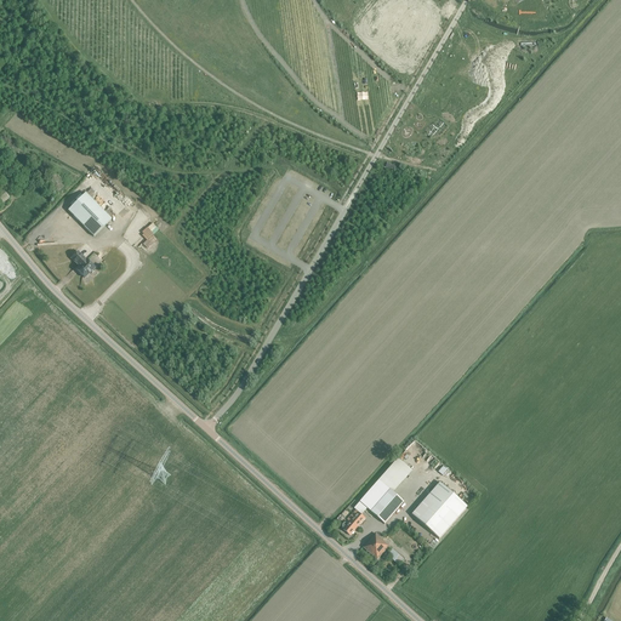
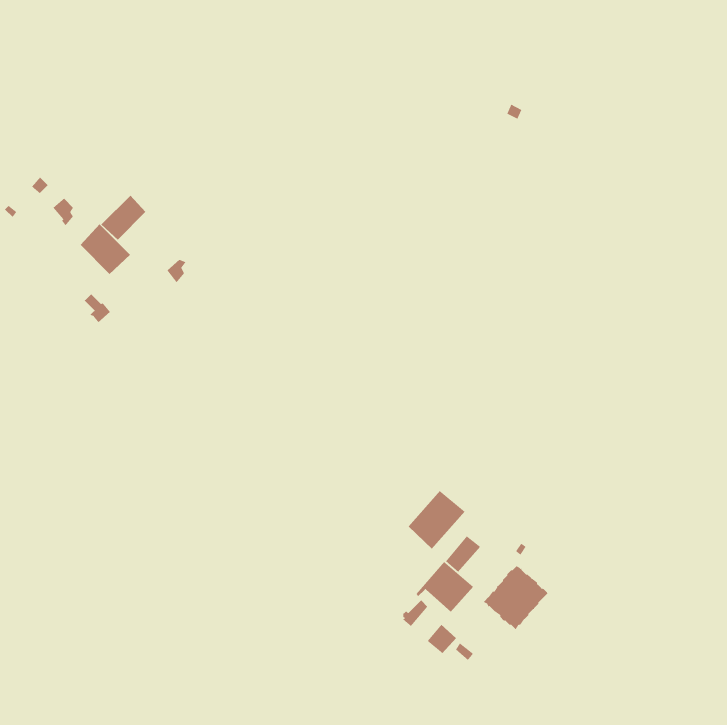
building: none -> [101,195,146,240]
building: none -> [408,490,466,549]

